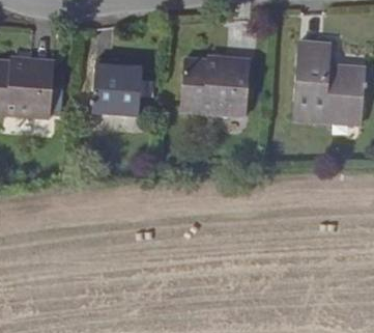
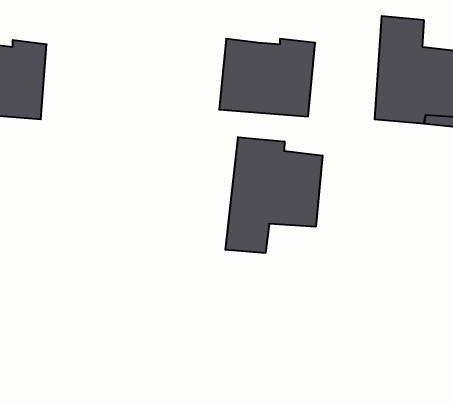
building: [92,60,142,114] -> none
building: none -> [226,137,322,253]

